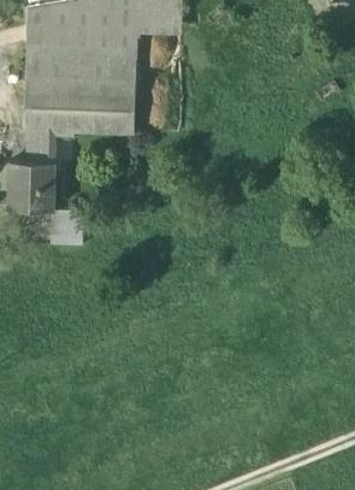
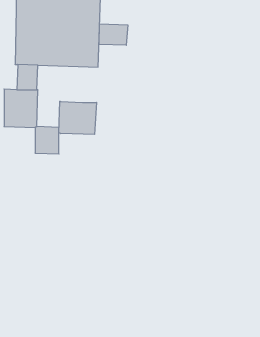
building: none -> [99,24,128,45]
building: none -> [59,101,97,134]

